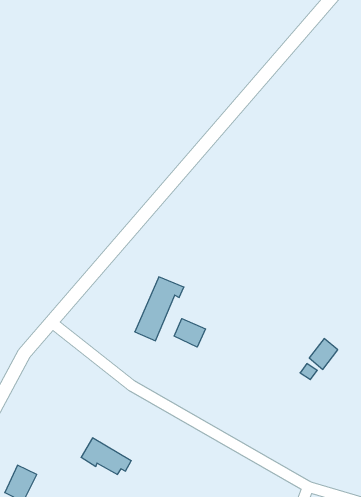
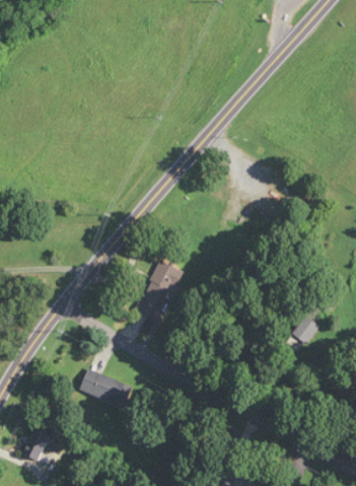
building: [174,319,205,347] -> none
building: [81,438,131,474] -> [86,369,131,402]

